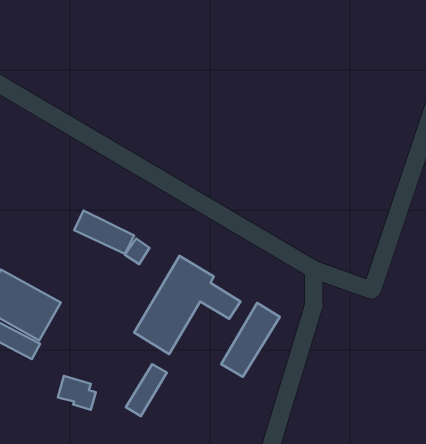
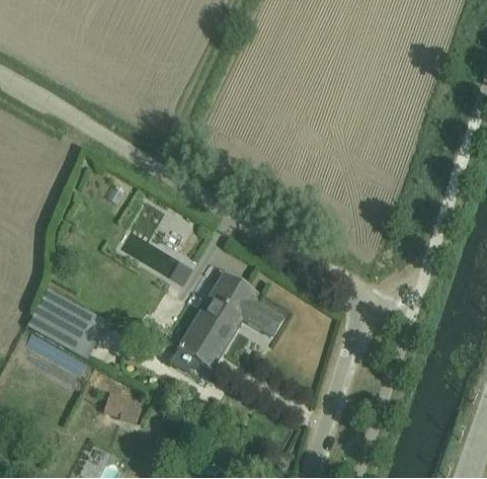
building: [221,303,280,377] -> none
building: [126,364,167,416] -> none

